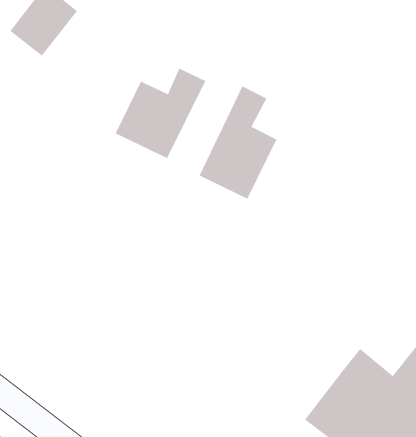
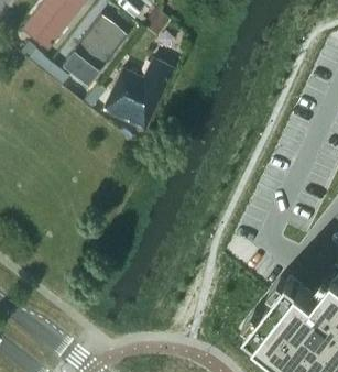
building: none -> [66,22,123,85]
building: [199,86,277,199] -> none

